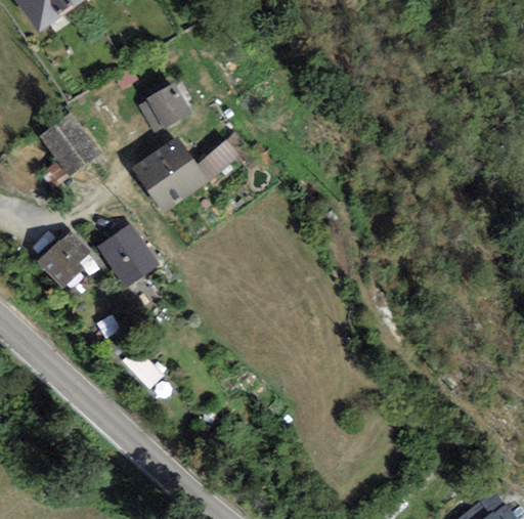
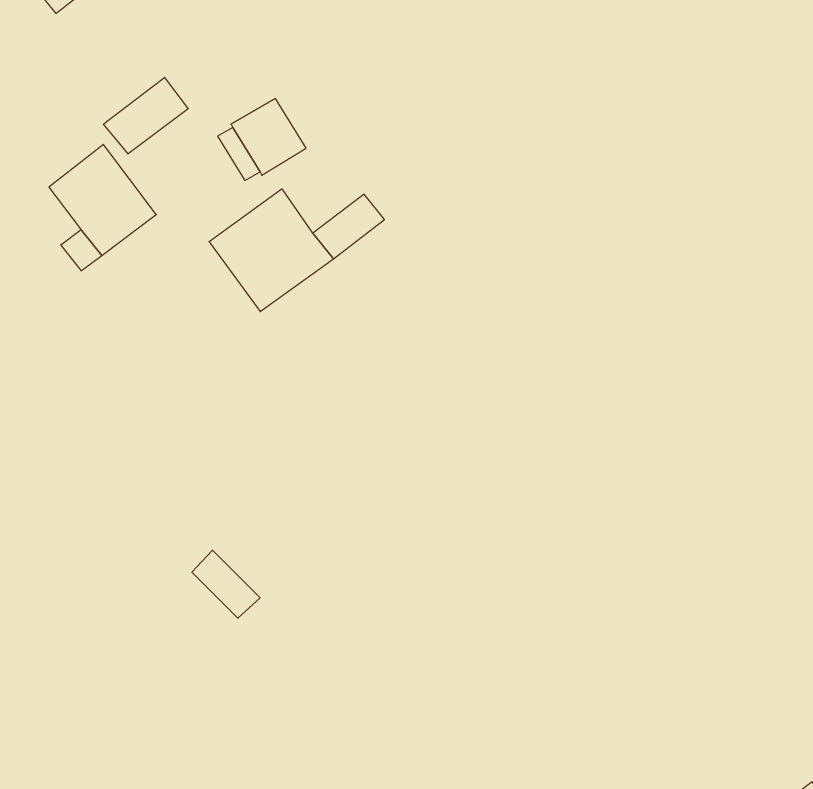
building: none -> [103,77,188,154]
building: [96,224,159,287] -> none
building: [36,230,89,289] -> none

